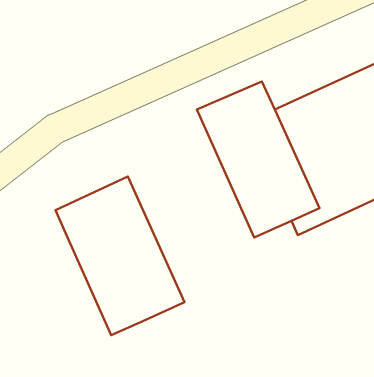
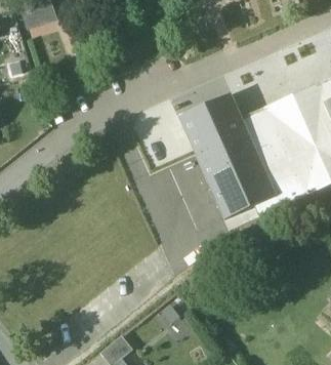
building: [56,176,184,335] -> none

